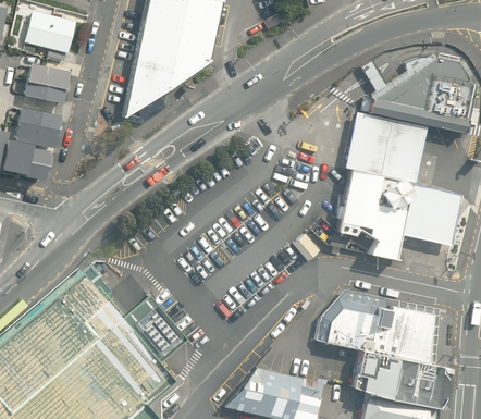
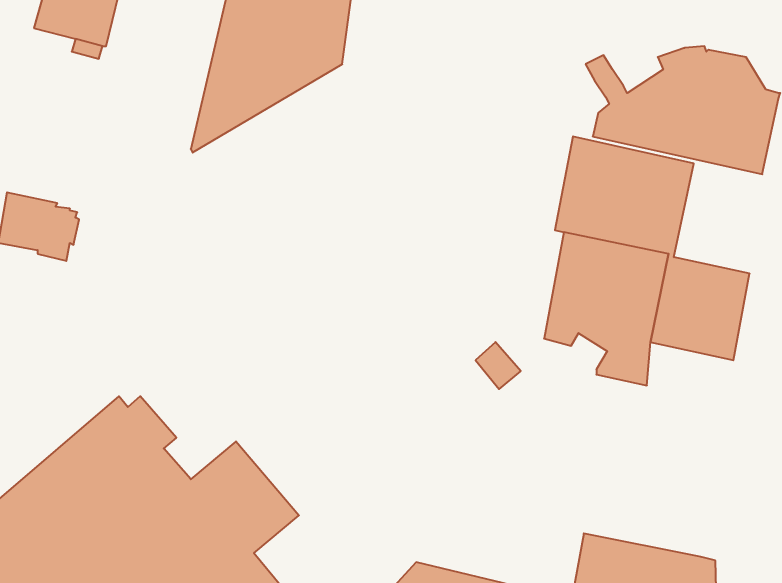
building: [25,66,72,107] -> none
building: [16,111,62,151] -> none
building: [313,289,435,363] -> none

